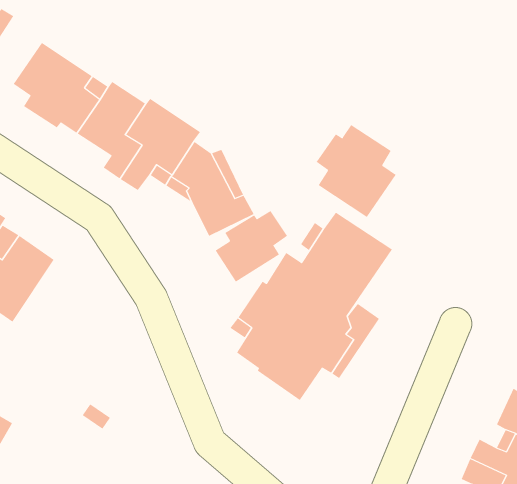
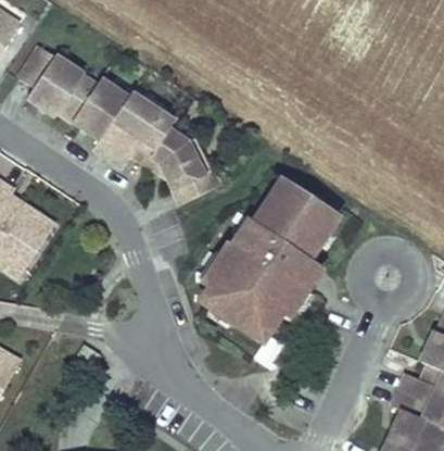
building: [316,124,396,218] -> none
building: [215,210,288,283] -> none

